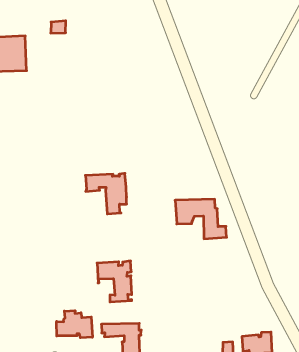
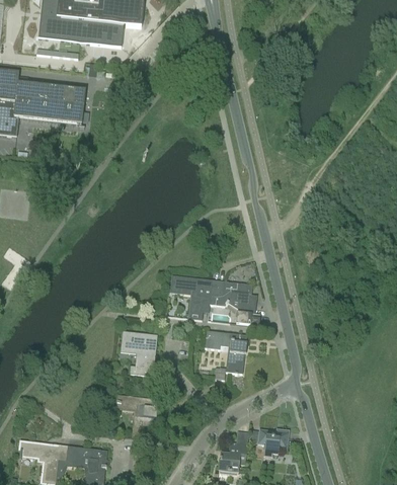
building: [85,173,127,214] -> [169,275,212,319]
building: none -> [205,330,246,380]
building: [56,311,92,338] -> none

